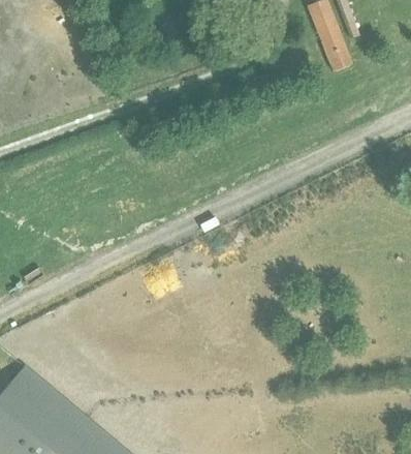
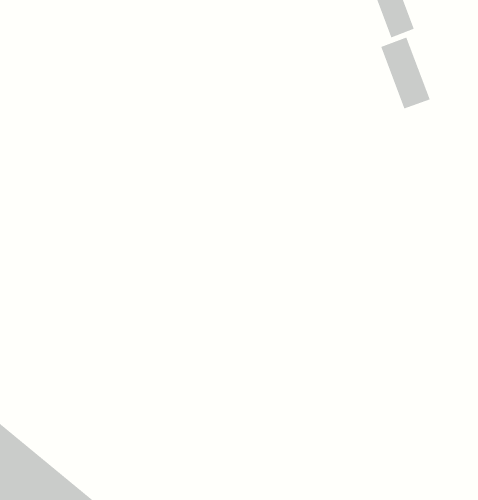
building: none -> [380,37,431,110]

